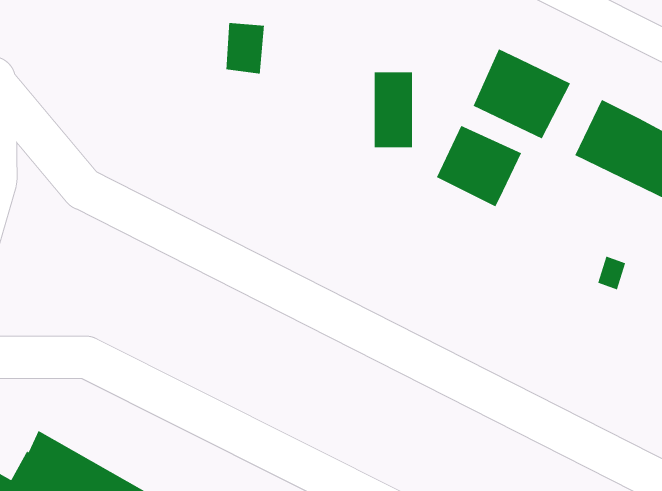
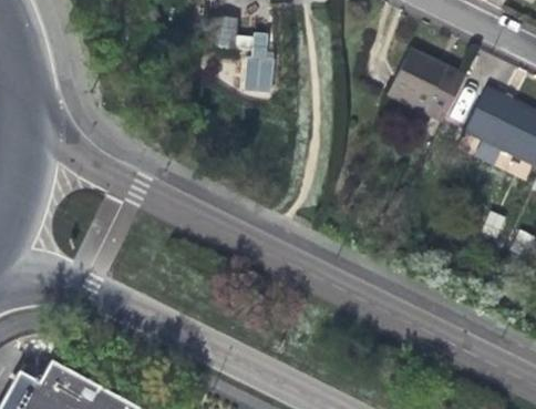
building: [374,71,413,148] -> [245,33,275,92]
building: [436,125,522,208] -> none

